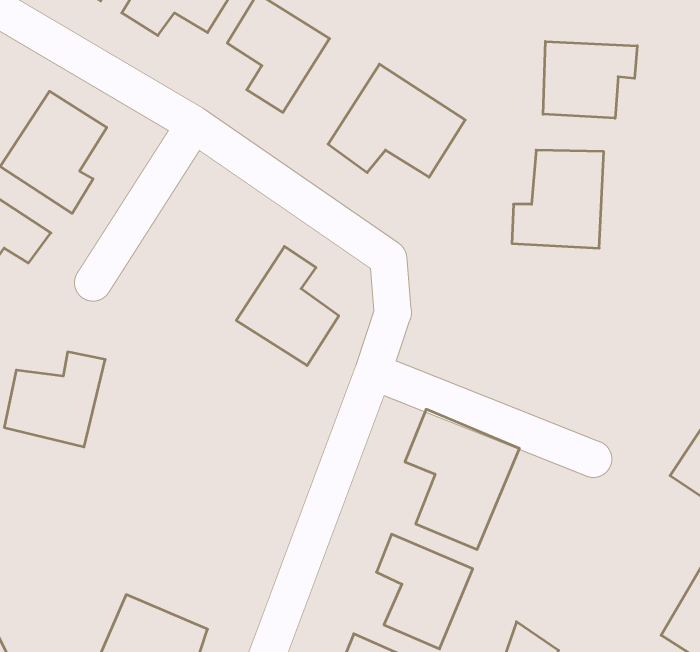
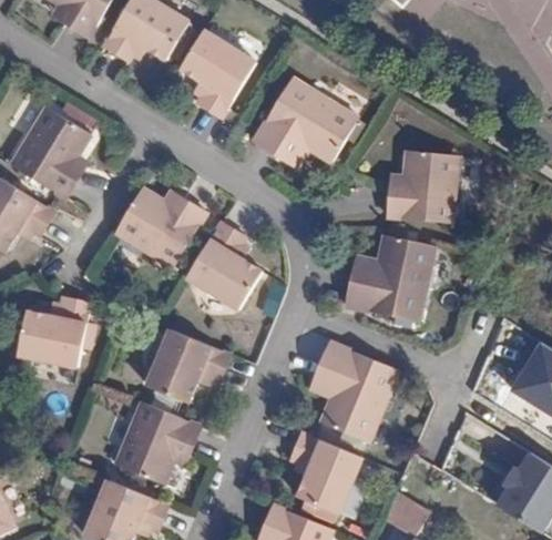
building: [543,41,637,118] -> none
building: none -> [114,182,205,261]
building: none -> [346,233,437,320]
building: none -> [145,327,229,401]
building: none -> [114,399,200,481]

